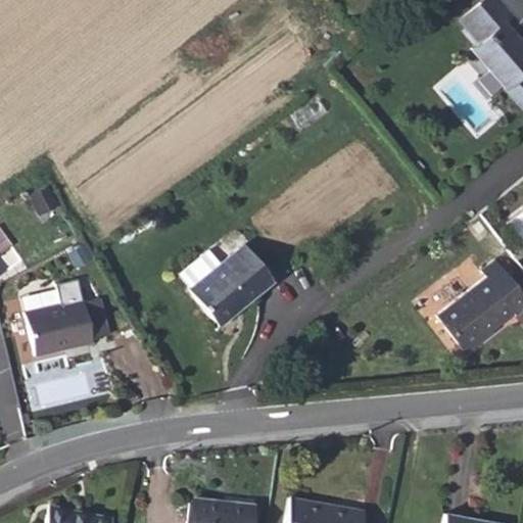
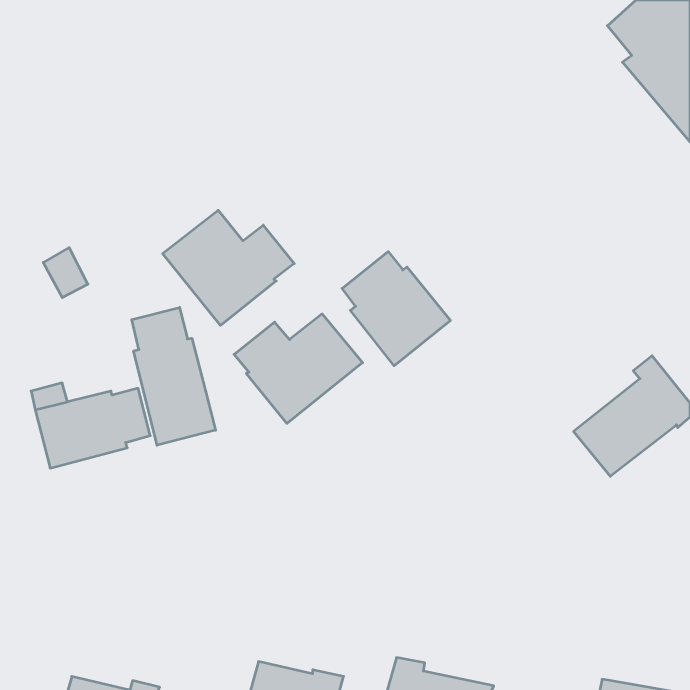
building: none -> [163,210,294,325]
building: none -> [342,252,450,366]
building: none -> [132,307,216,445]

